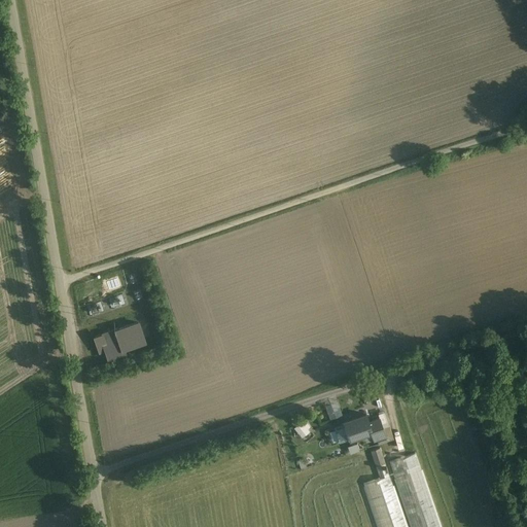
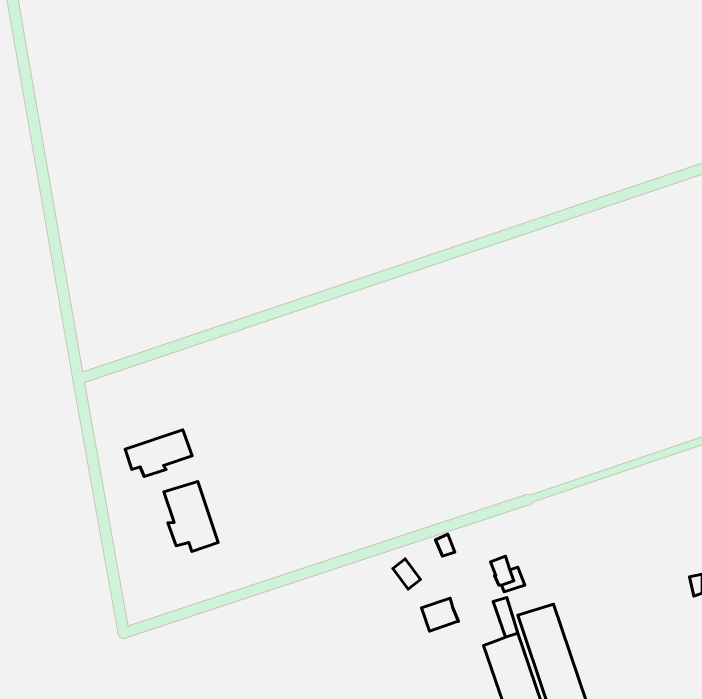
building: none -> [164,481,218,551]
building: [344,416,372,441] -> [421,598,458,631]

